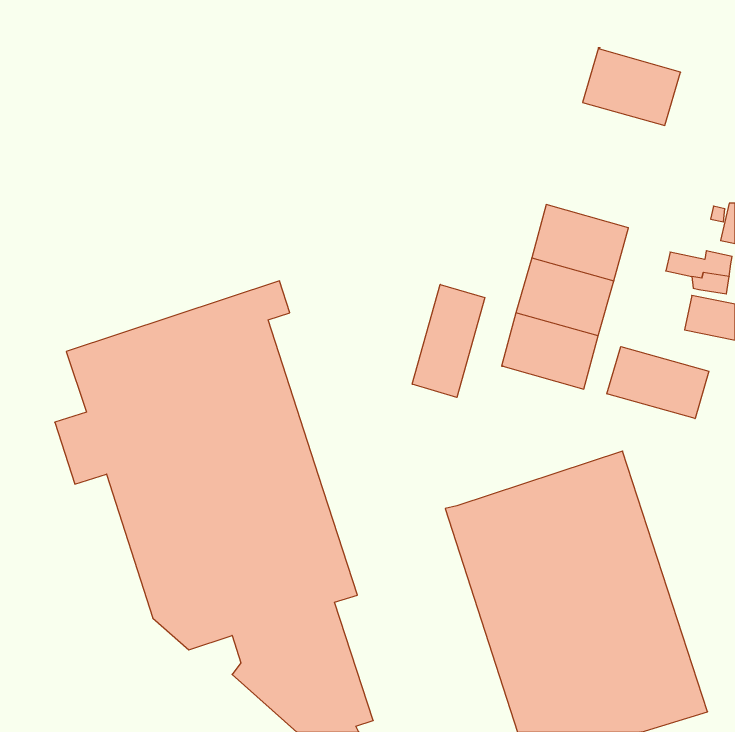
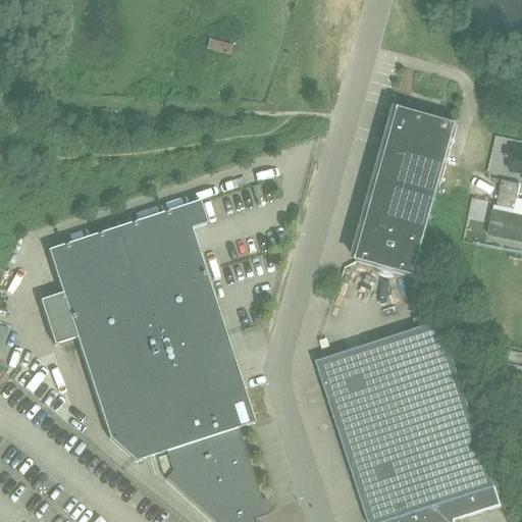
building: [583,48,681,125] -> [386,106,456,161]
building: [412,284,485,397] -> none
building: [607,347,709,419] -> none

